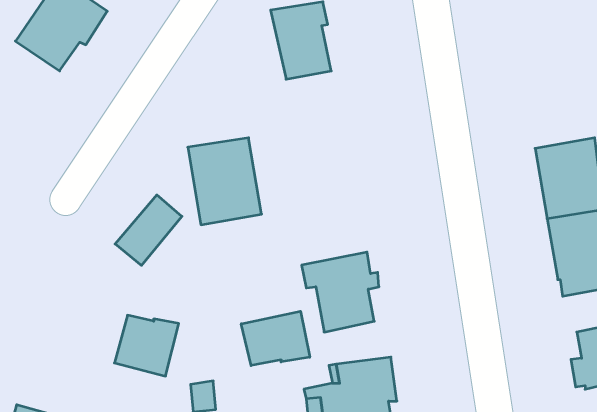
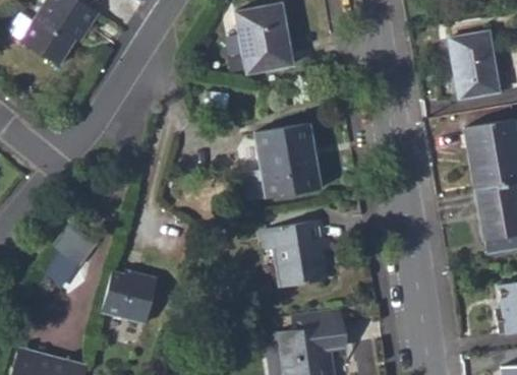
building: none -> [449,35,498,99]
building: [188,138,262,225] -> [257,124,321,198]
building: [115,195,182,265] -> [42,227,99,287]
building: [241,311,310,366] -> none

